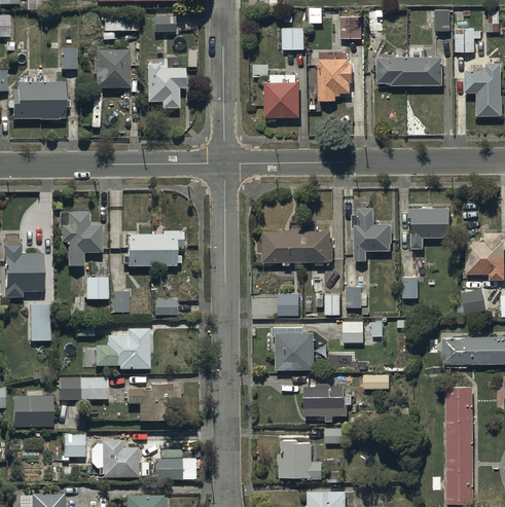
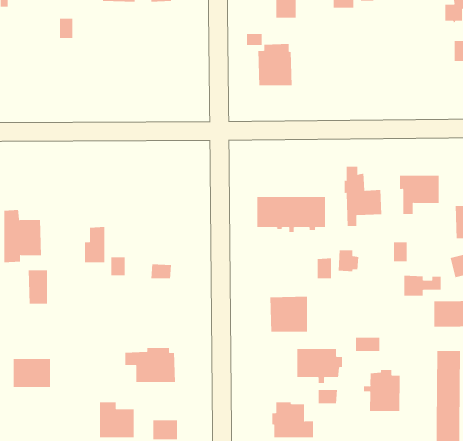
building: [93,50,128,87] -> none
building: [318,58,353,101] -> none
building: [373,58,442,85] -> none
building: [146,64,186,109] -> none
building: [12,81,66,118] -> none
building: [60,212,102,265] -> none
building: [123,225,184,273] -> none
building: [278,293,298,316] -> none
building: [342,321,382,342] -> [403,275,442,296]
building: [95,327,150,369] -> none
building: [59,377,108,400] -> none
building: none -> [364,369,400,412]
building: [64,435,85,456] -> none

